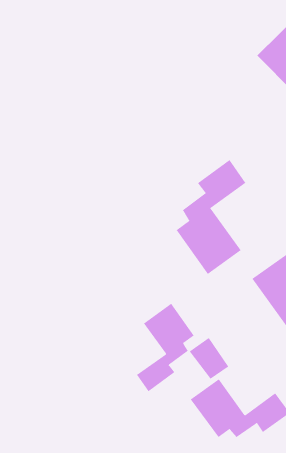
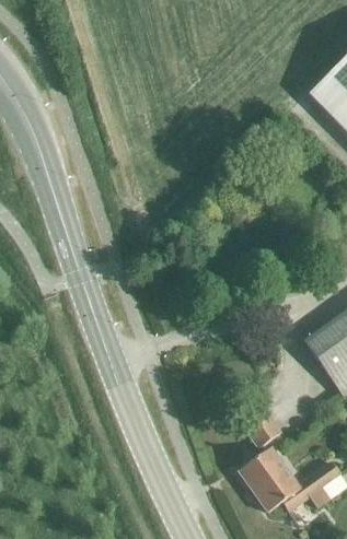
building: [176,159,246,275] -> none
building: [136,303,194,392] -> none

